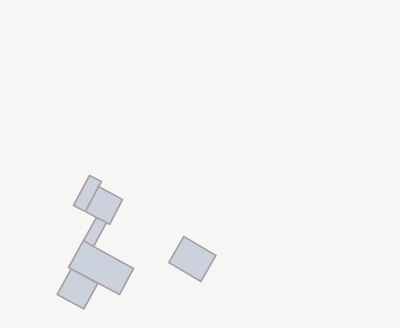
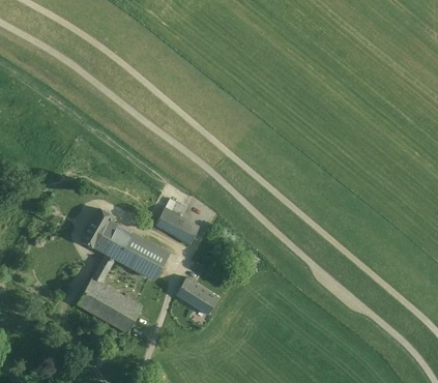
building: none -> [157,203,208,243]
building: none -> [115,233,165,278]
building: [57,269,98,309] -> none

